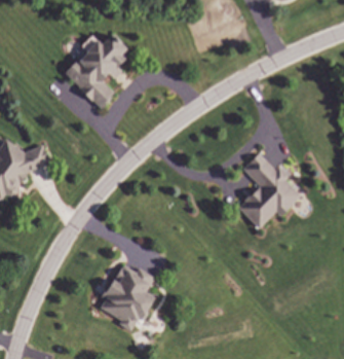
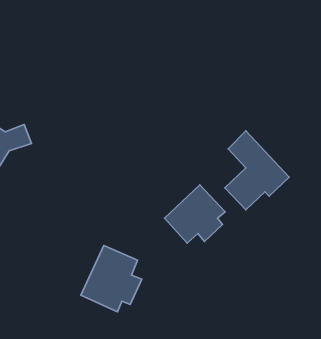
building: [64,33,129,108] -> none
building: none -> [165,185,225,243]

